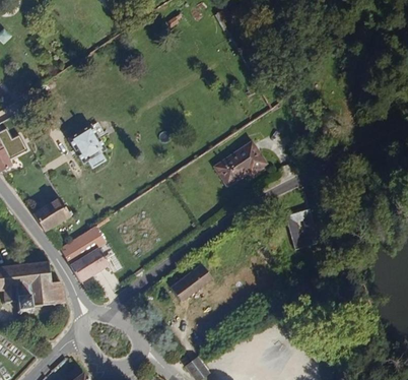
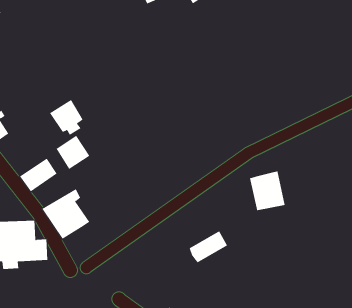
building: [214,139,270,189] -> none
building: none -> [56,135,90,170]
building: [169,267,212,303] -> [189,231,228,263]

